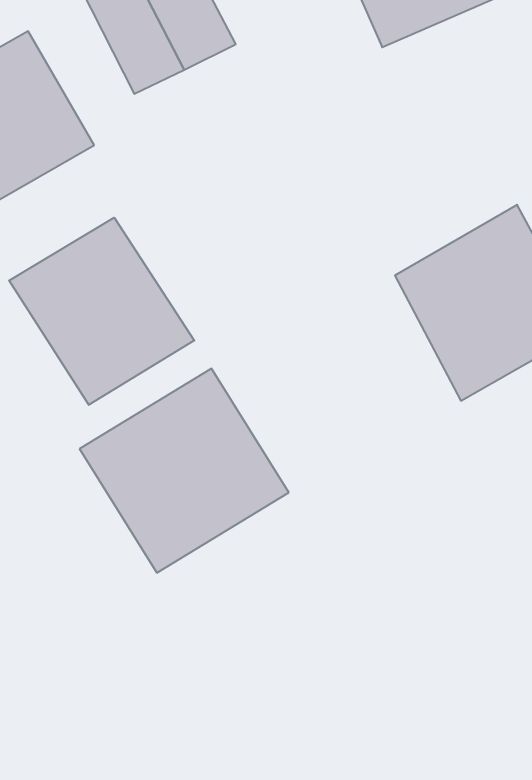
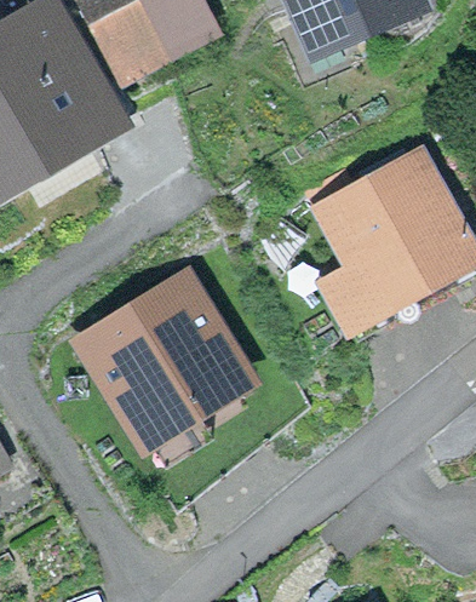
building: [9,218,194,405] -> none

